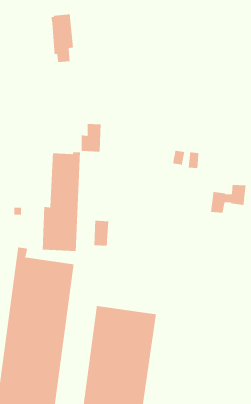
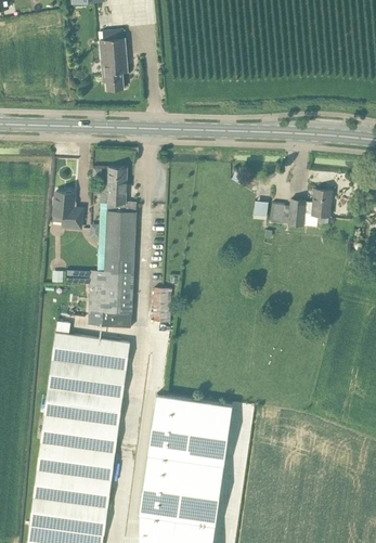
building: [81,123,101,152] -> [101,167,127,204]
building: none -> [53,192,82,228]
building: [210,184,247,213] -> [287,190,333,227]

